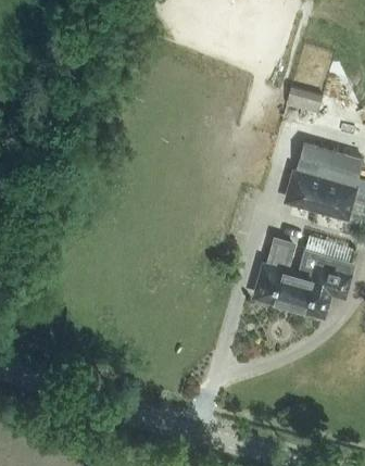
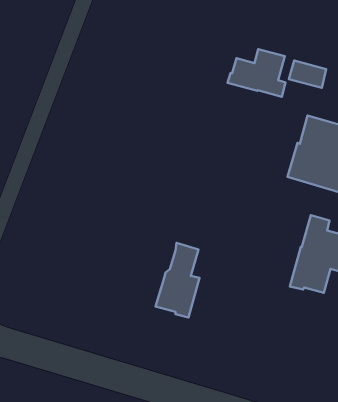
building: none -> [228,49,285,97]
building: [255,237,299,311] -> [156,243,200,317]

